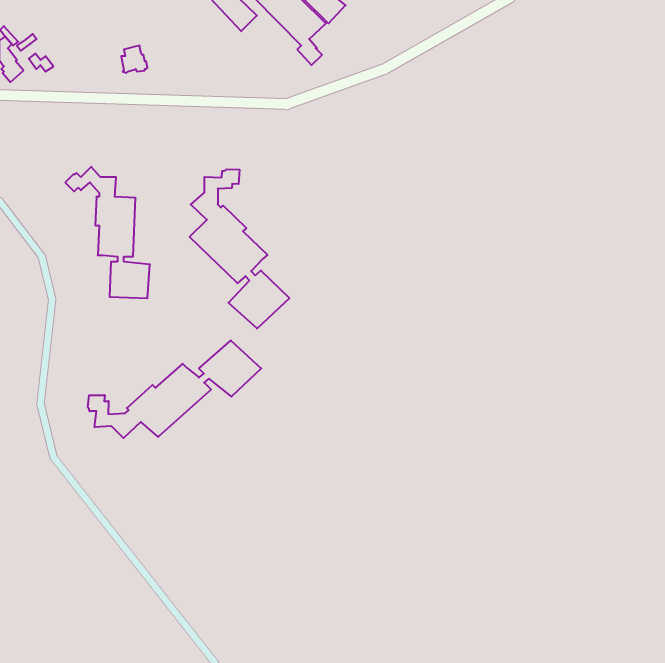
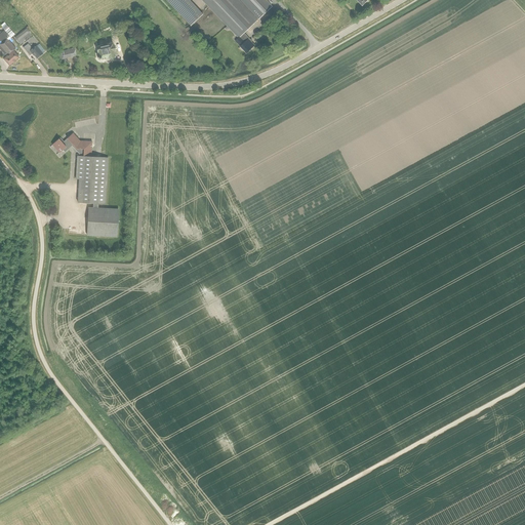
building: [190,169,289,329] -> none
building: [88,340,261,438] -> none

